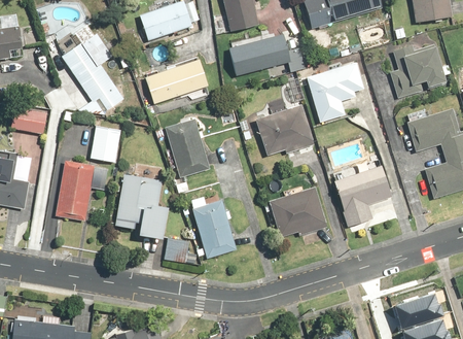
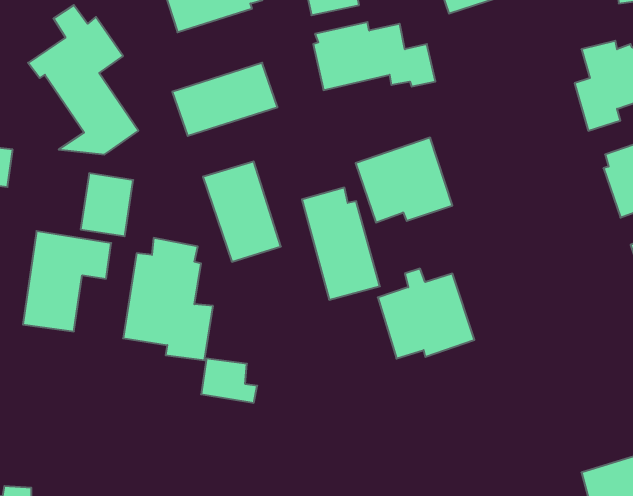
building: [307,62,364,123] -> none
building: [332,162,395,228] -> none
building: [190,193,238,261] -> [302,188,380,300]

